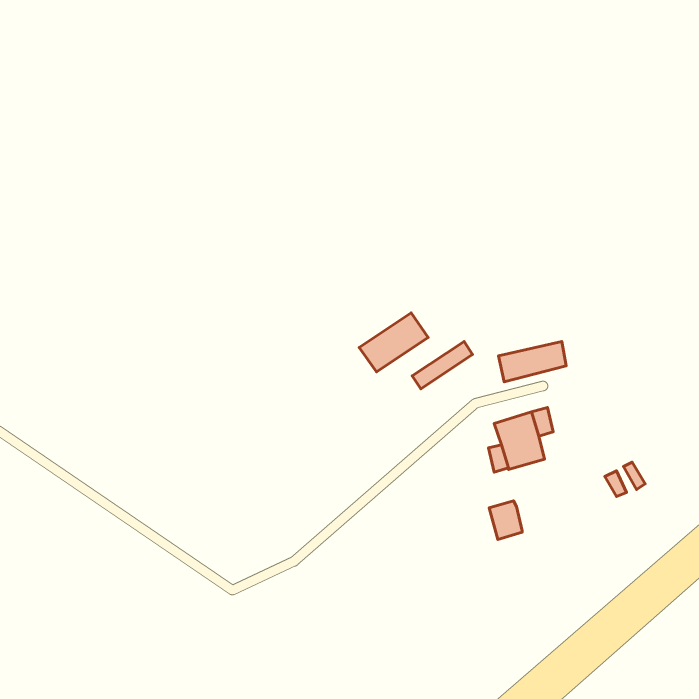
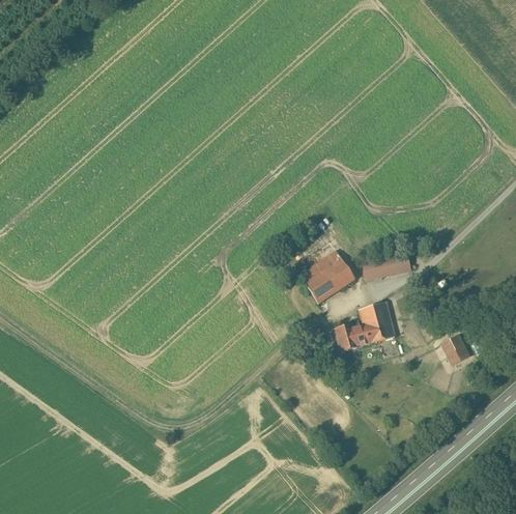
building: [359,313,428,372] -> [306,260,355,303]
building: [489,501,522,539] -> [335,323,359,351]

